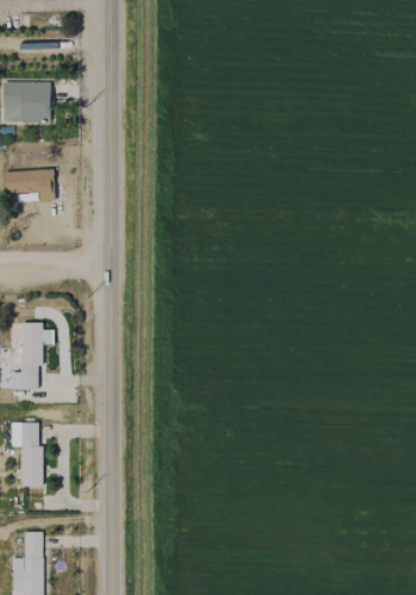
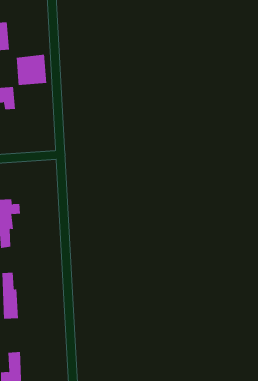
building: none -> [16,54,47,86]

